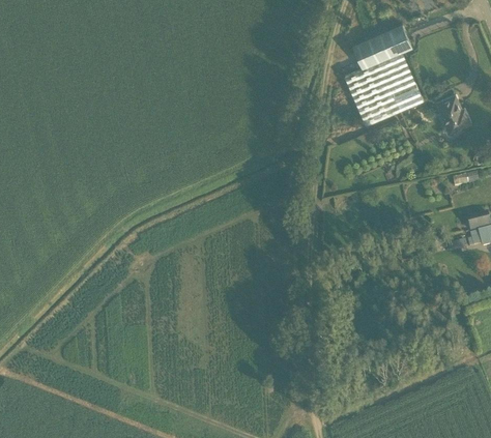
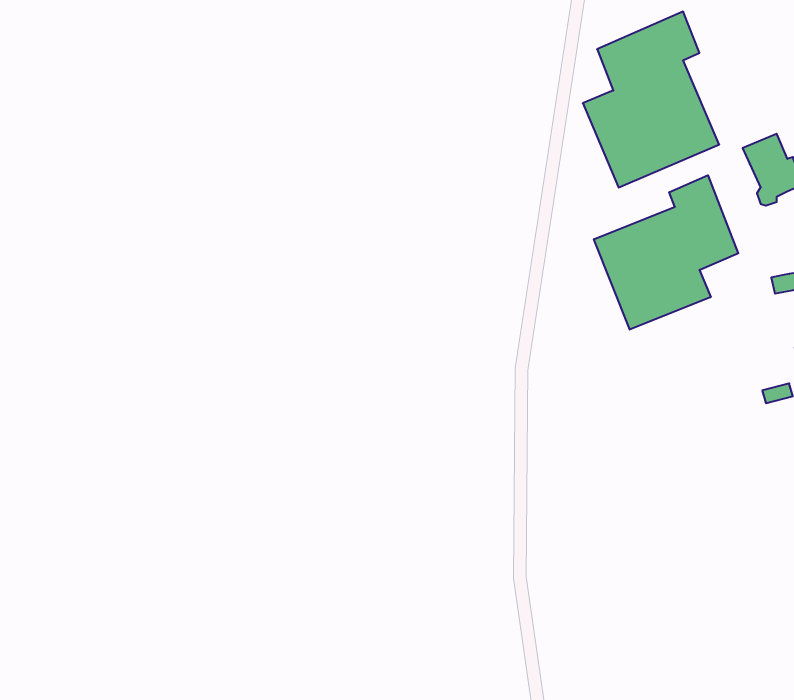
building: none -> [594,175,738,330]

